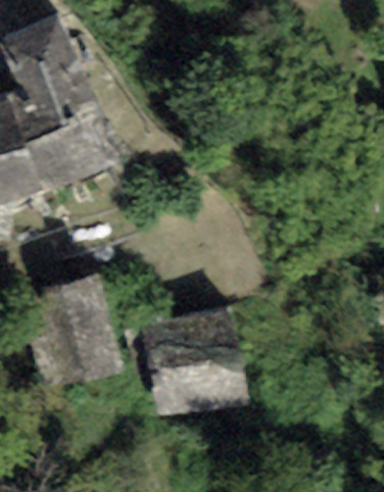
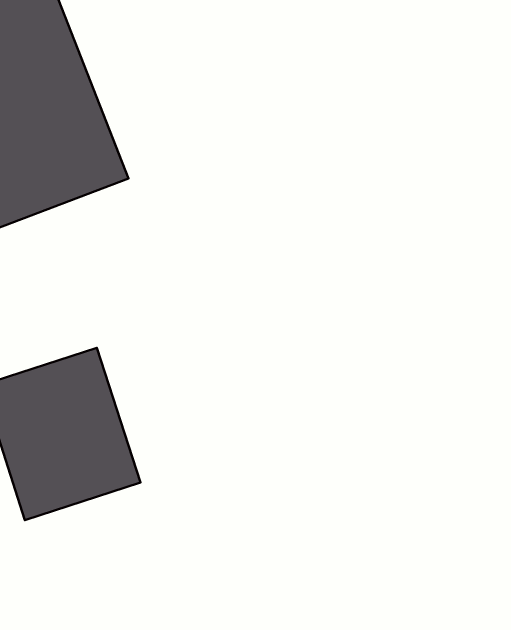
building: [140,305,248,415] -> none

